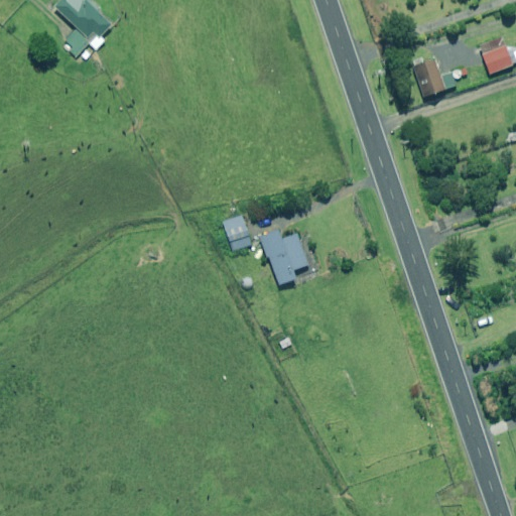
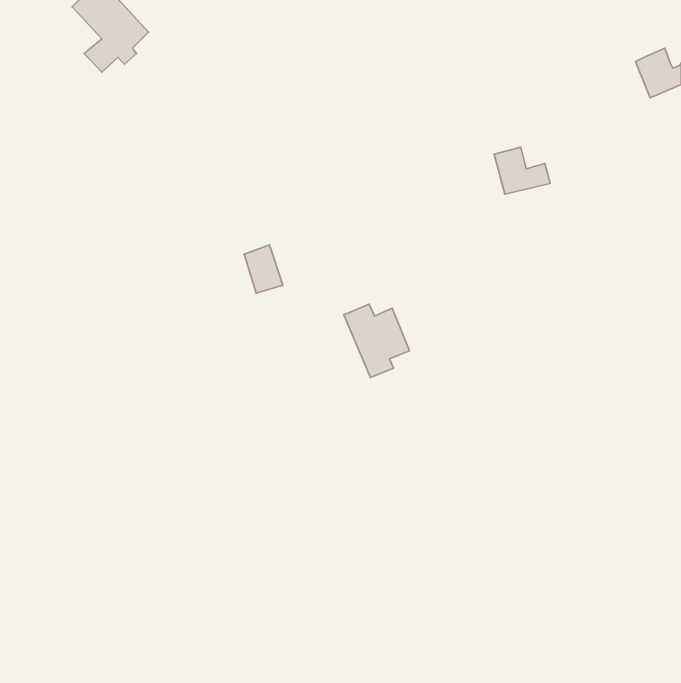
building: [413,59,456,95] -> [494,147,550,194]
building: [222,215,251,251] -> [244,245,283,293]

